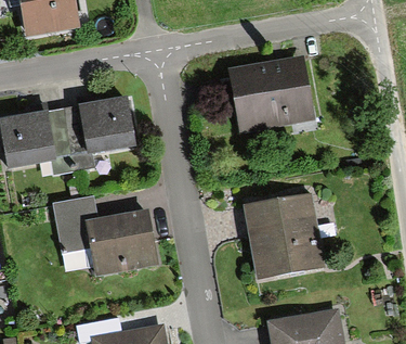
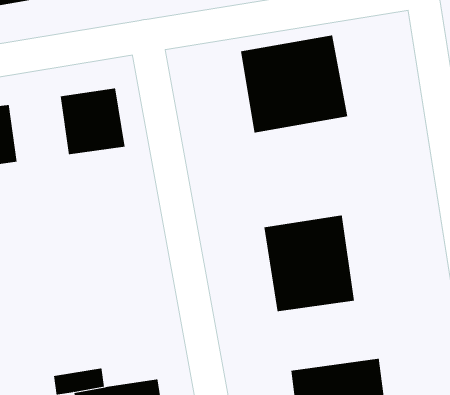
building: [44,104,92,169] -> none
building: [56,200,157,273] -> none

